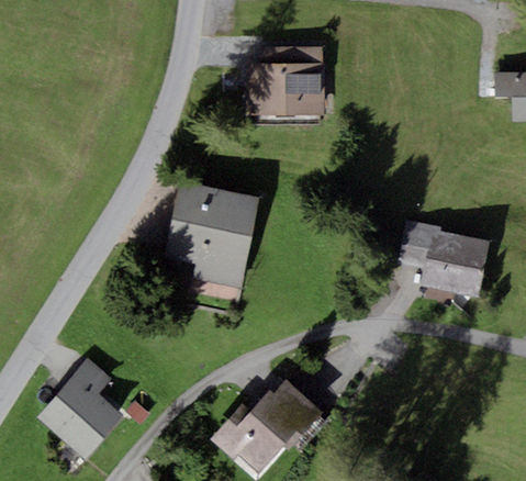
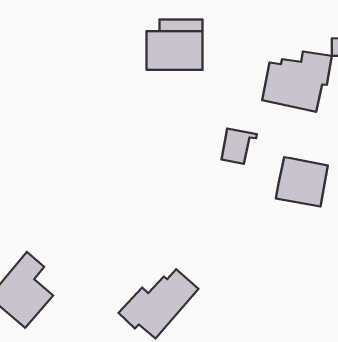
building: none -> [262,51,332,112]
building: [165,184,258,288] -> none
building: [393,220,440,267] -> [221,128,257,164]

